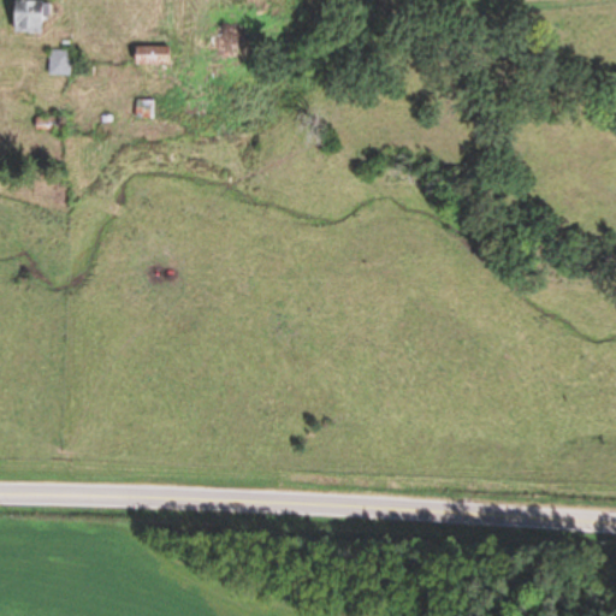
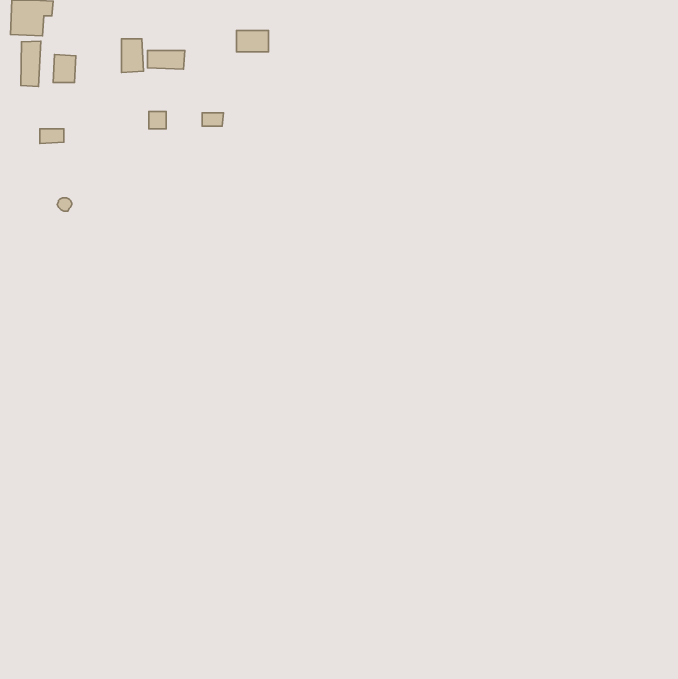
building: none -> [121,39,143,72]
building: none -> [21,41,41,86]

